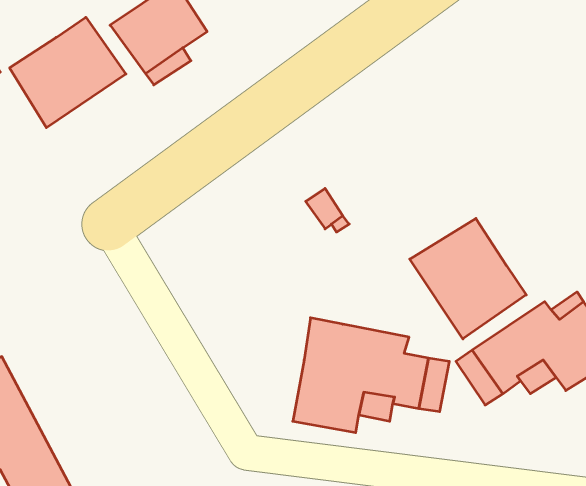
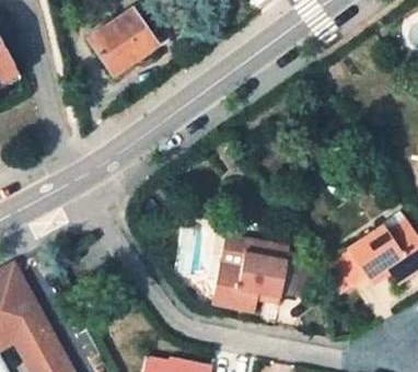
building: [10,17,126,128] -> none
building: [410,218,526,339] -> none

